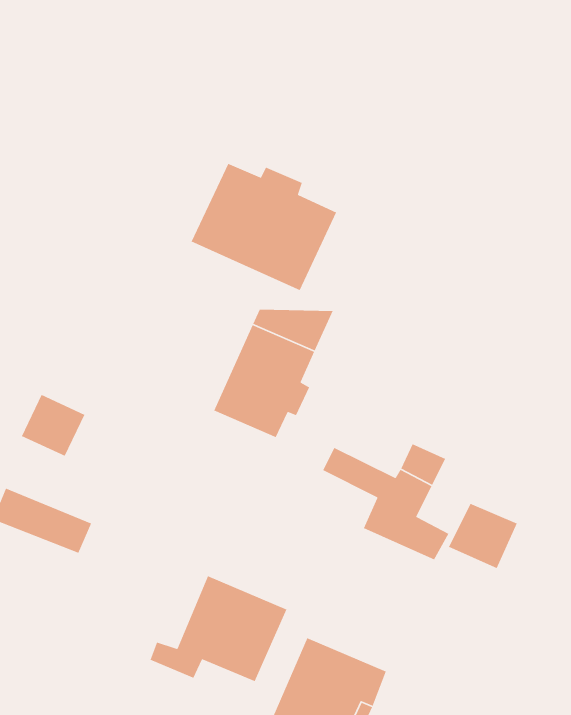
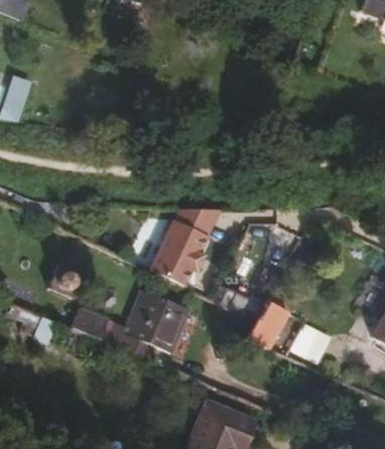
building: [191,163,337,291] -> none
building: [150,575,287,682] -> [99,290,180,353]

